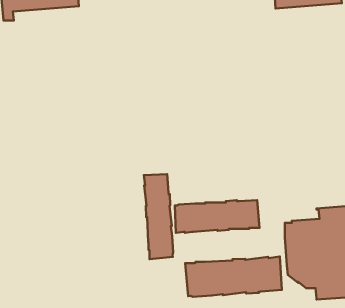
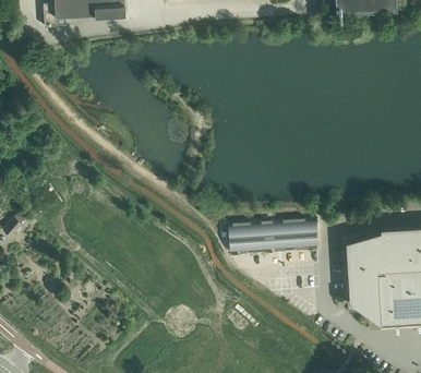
building: [144,174,173,259] -> none
building: [185,257,282,297] -> none

